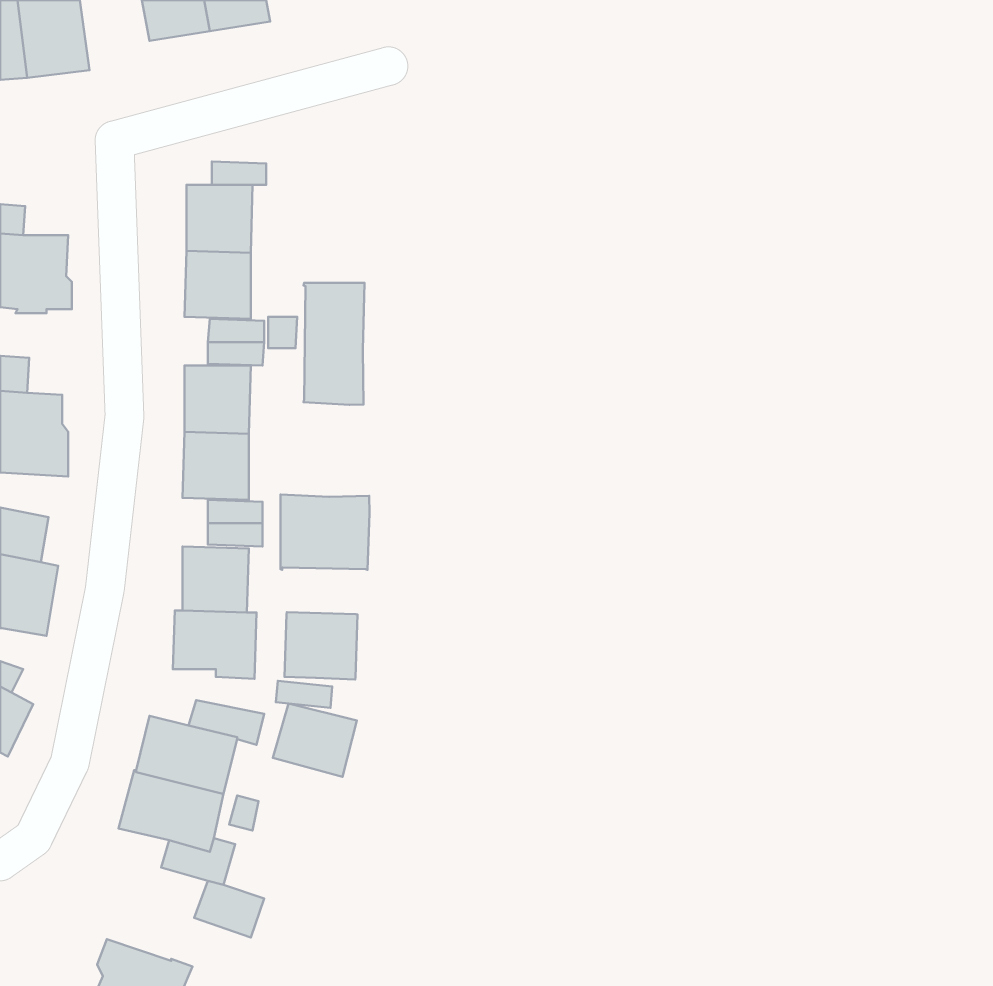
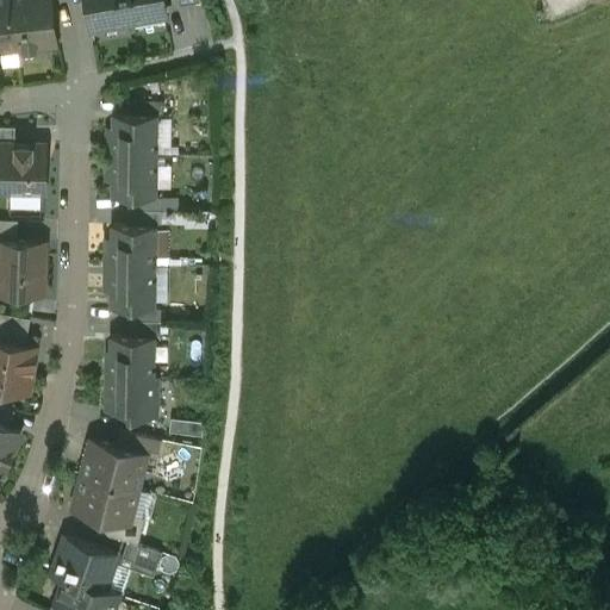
building: [304,283,365,405] -> none
building: [280,495,369,570] -> none
building: [285,612,357,679] -> none
building: [273,703,357,777] -> none
building: none -> [52,539,117,593]

